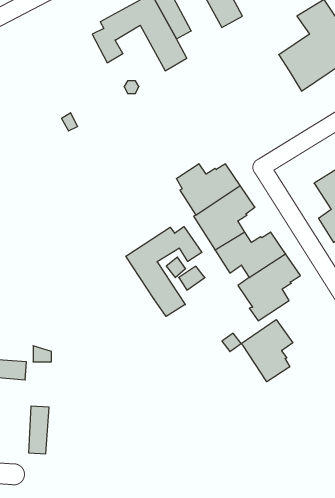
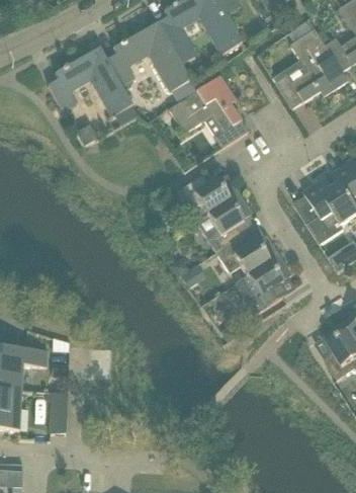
building: none -> [47,47,130,114]
building: none -> [168,74,247,146]
building: [126,227,202,316] -> none
building: [241,320,293,382] -> none

